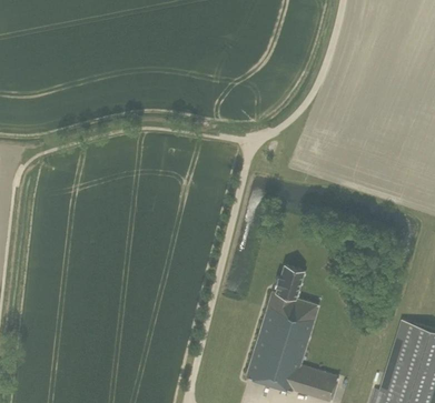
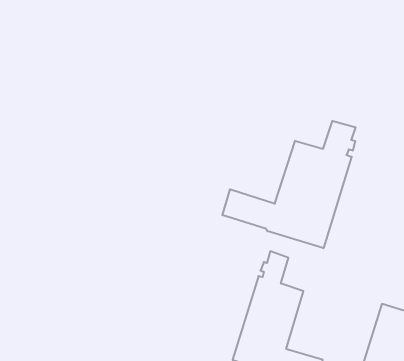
building: none -> [222,121,355,248]

